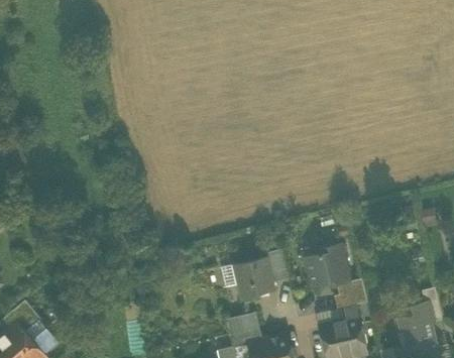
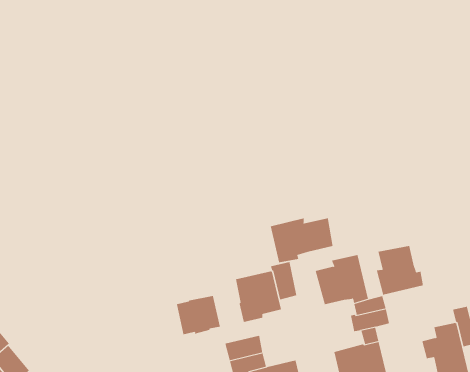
building: none -> [270,217,333,263]
building: none -> [376,245,423,295]
building: none -> [176,295,221,335]

